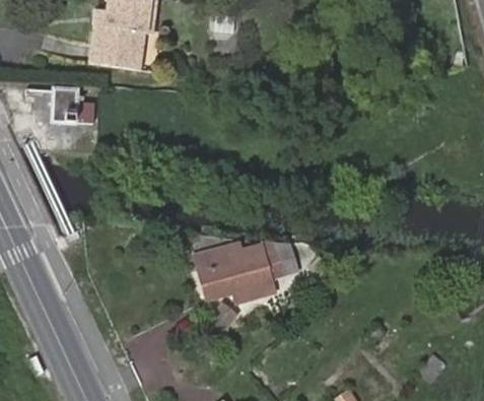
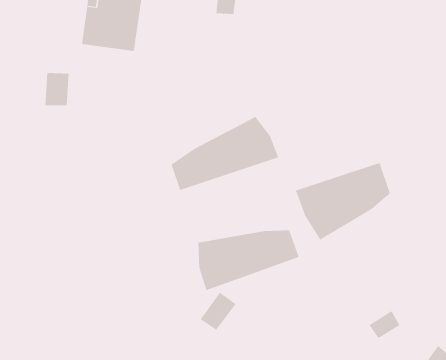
building: none -> [171,116,279,191]
building: none -> [295,162,391,241]

